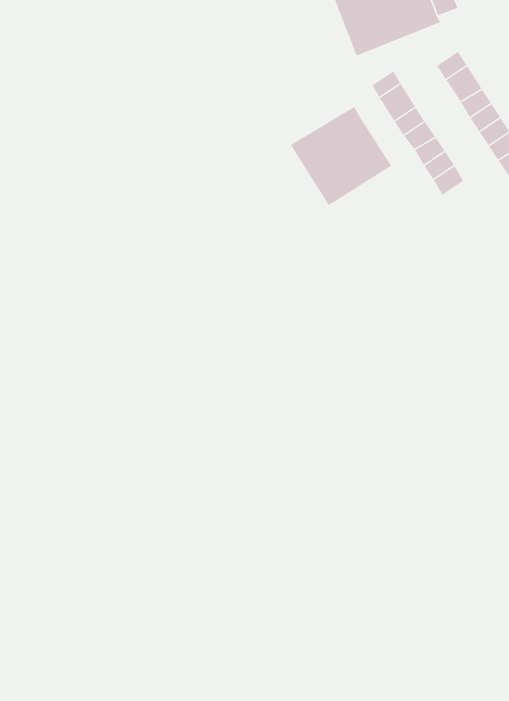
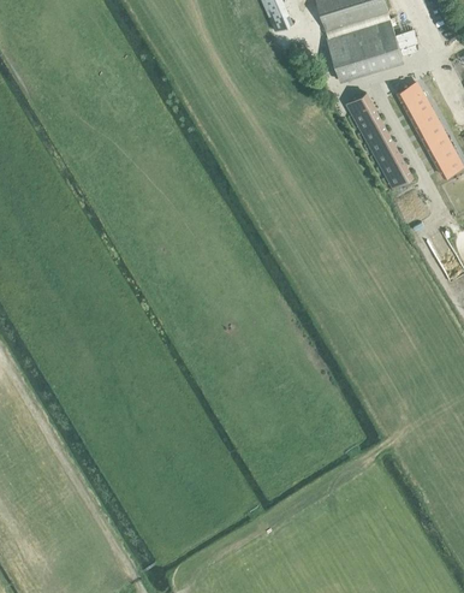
building: [290,106,392,206] -> none

